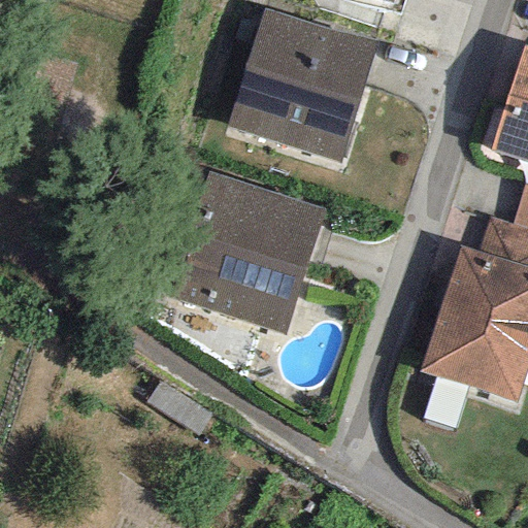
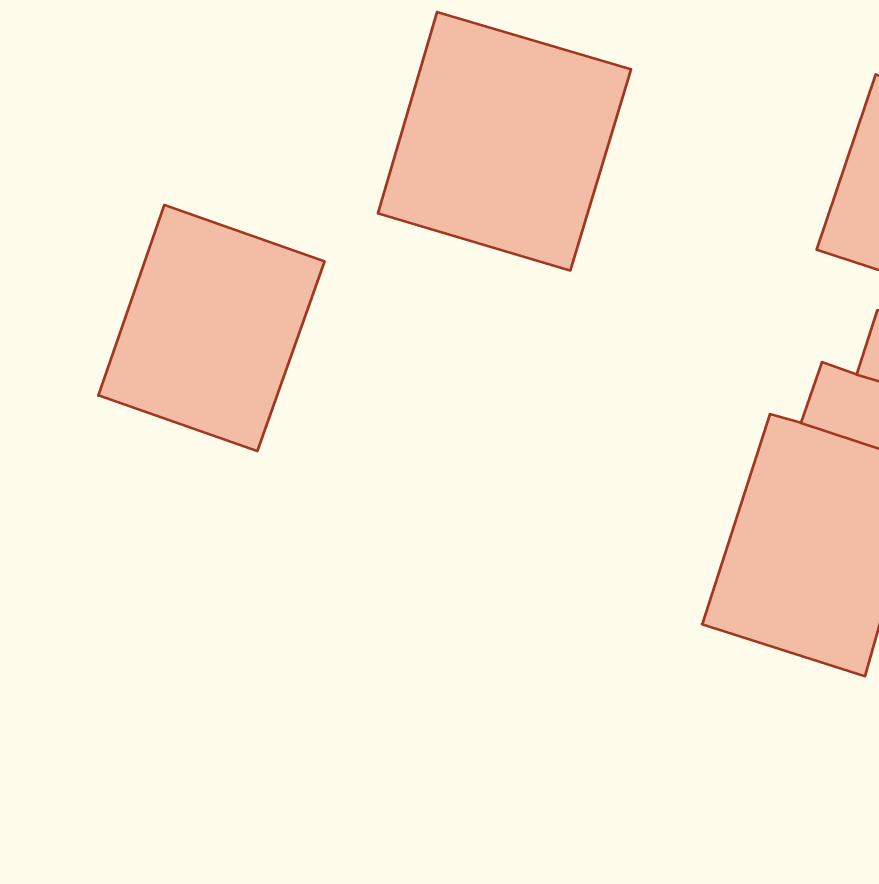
building: none -> [98,205,324,451]
building: [163,168,329,336] -> none

